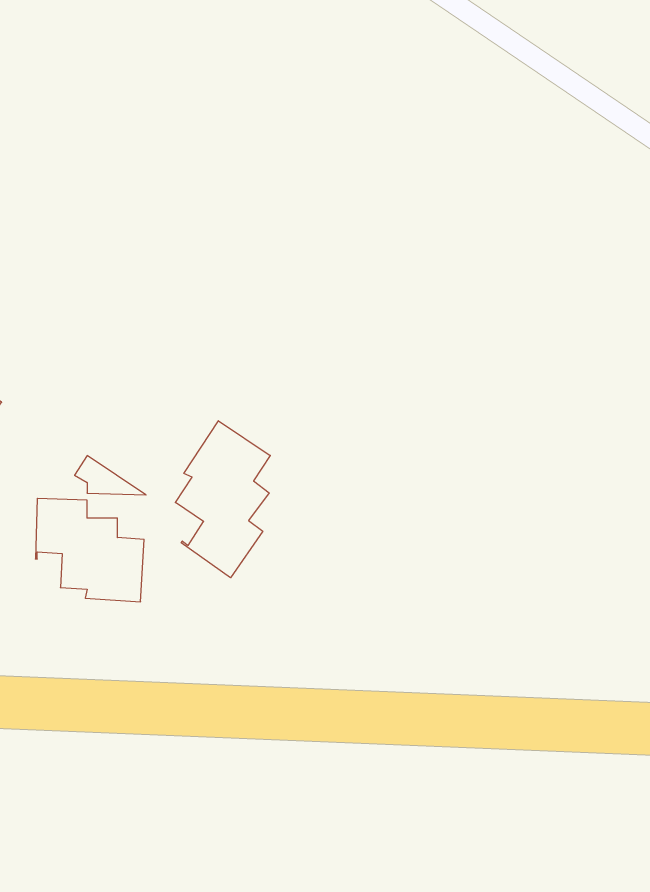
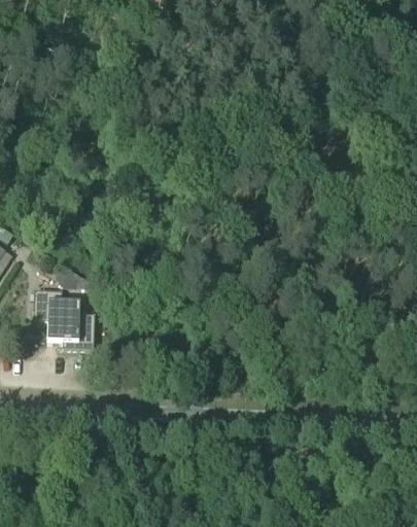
building: [175,421,270,578] -> none

